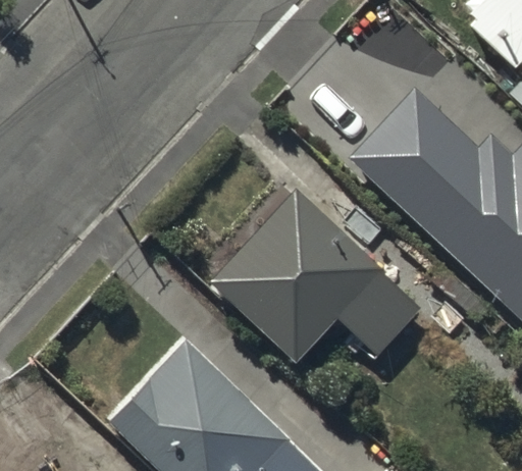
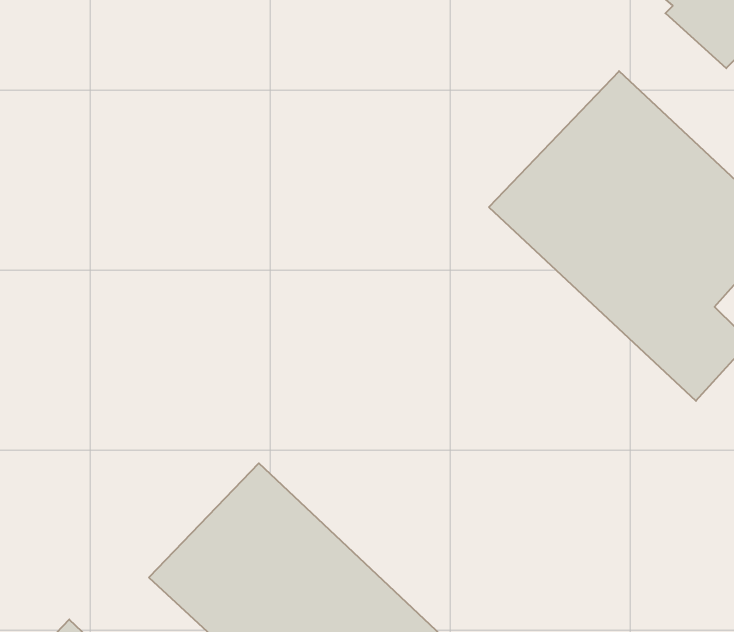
building: [210,193,421,362] -> none

